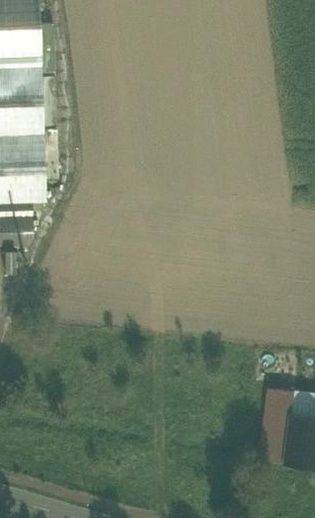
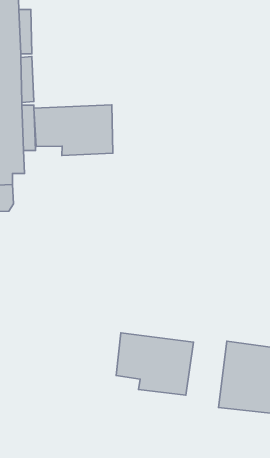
building: none -> [34,105,113,155]
building: none -> [116,333,193,395]

